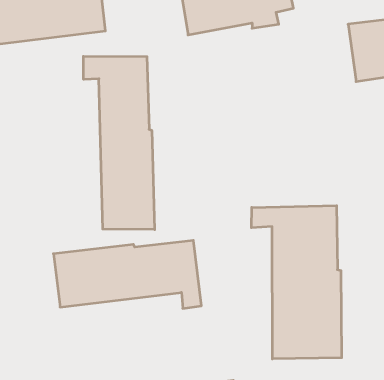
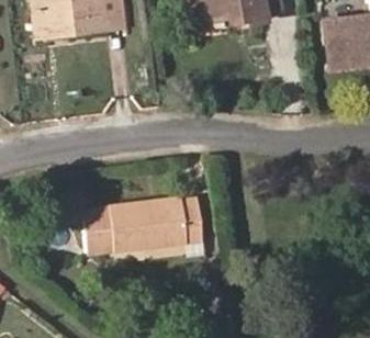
building: [83,56,155,230] -> none
building: [251,206,342,359] -> none

